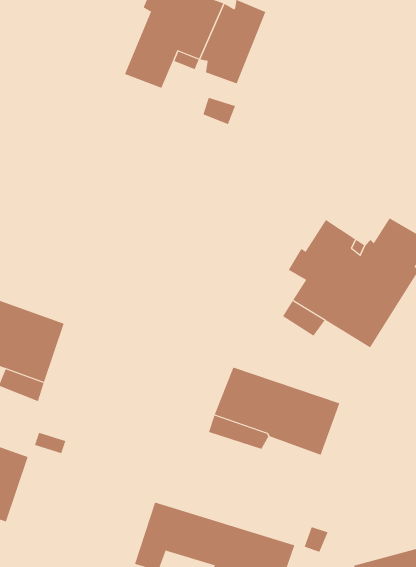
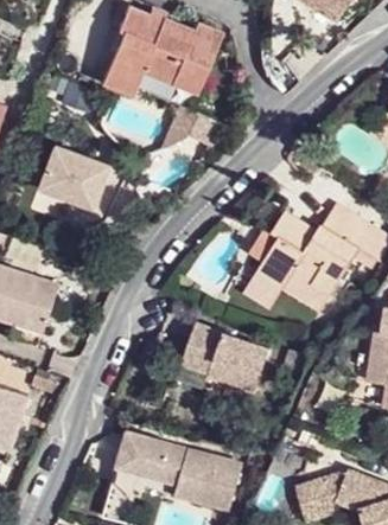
building: none -> [42,148,112,211]

